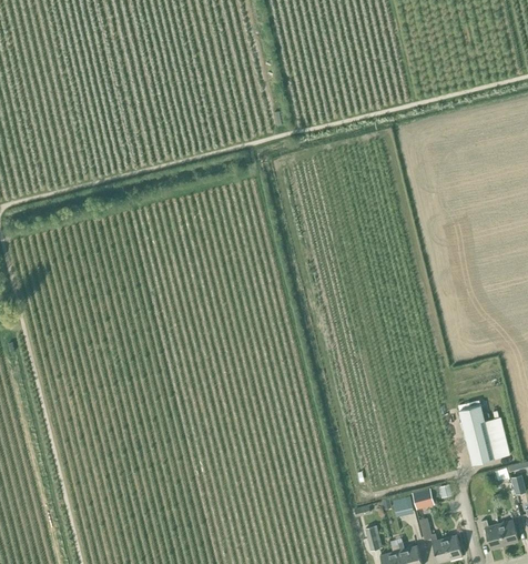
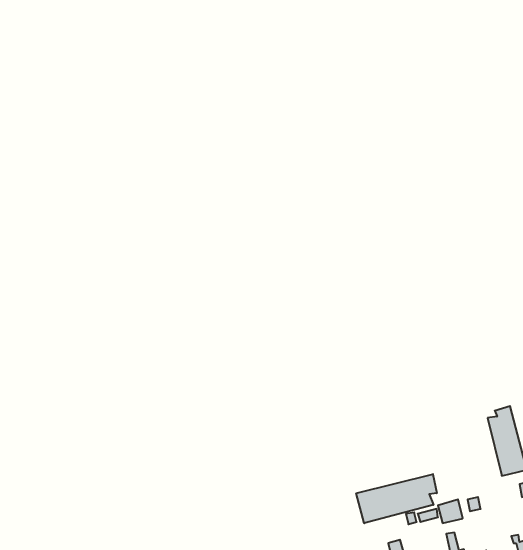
building: none -> [356,474,437,523]

